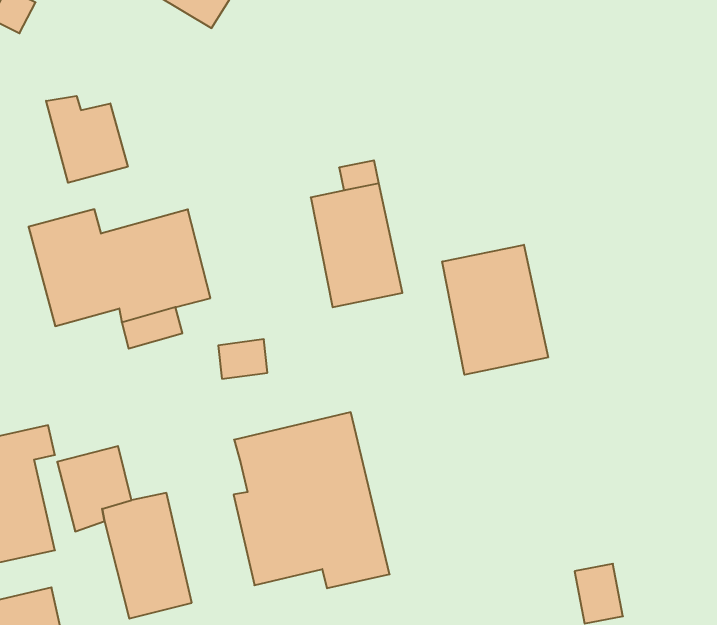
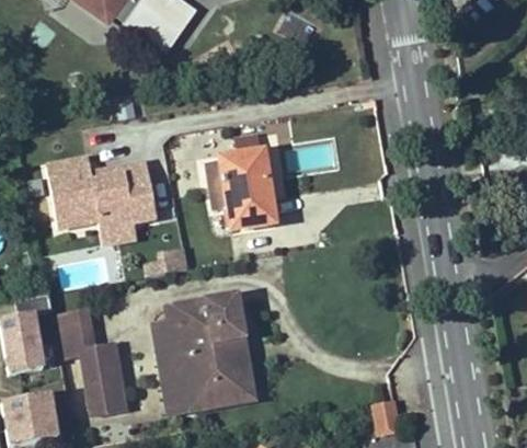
building: [46,96,128,183] -> none
building: [442,245,548,375] -> none
building: none -> [154,322,217,416]

